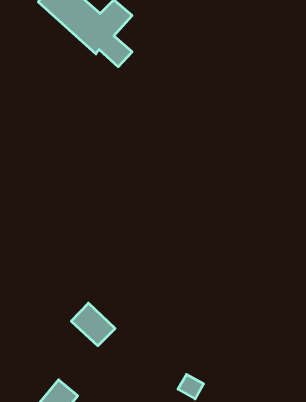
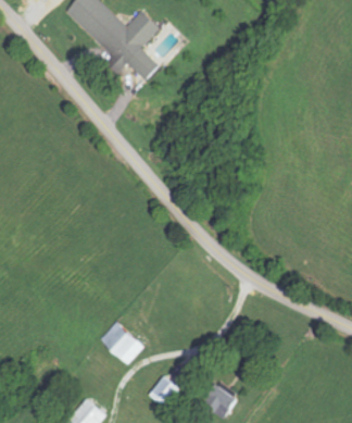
building: none -> [148,375,178,407]

